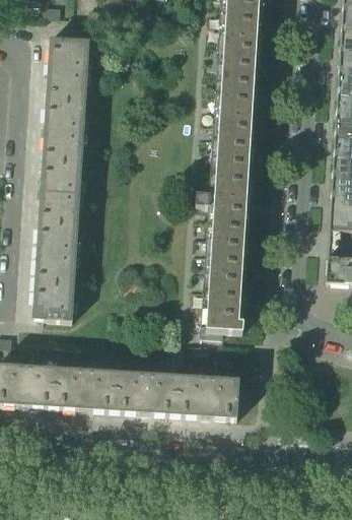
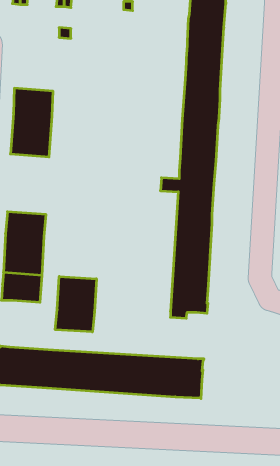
building: [46,36,89,104] -> none
building: [39,168,81,230] -> none
building: none -> [55,276,96,332]

